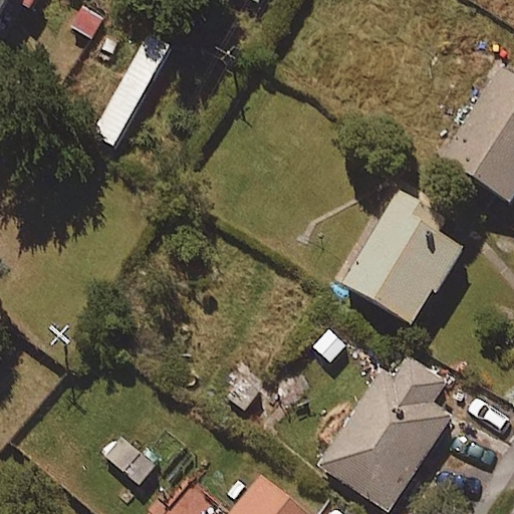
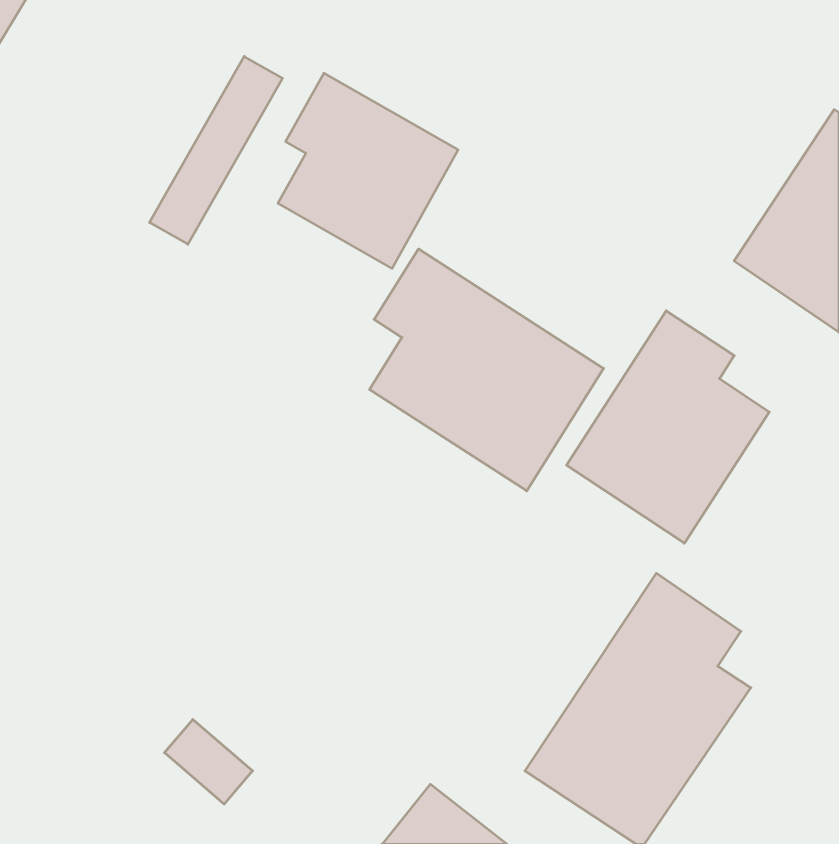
building: none -> [278,73,458,268]
building: none -> [370,249,604,491]

